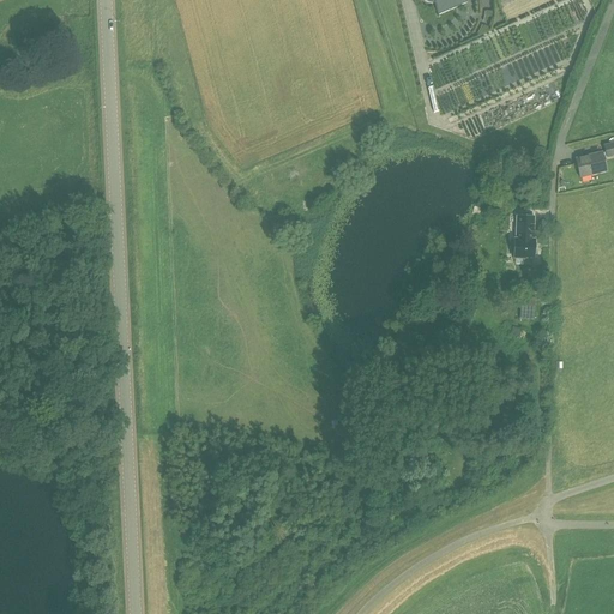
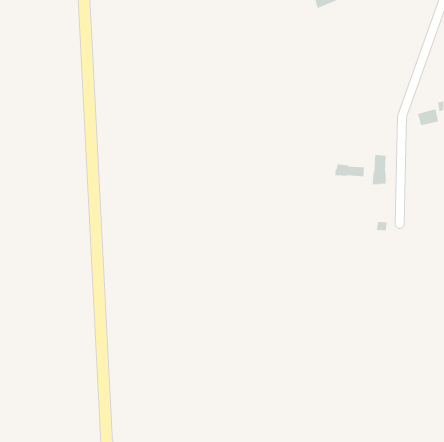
building: none -> [335,164,364,177]

